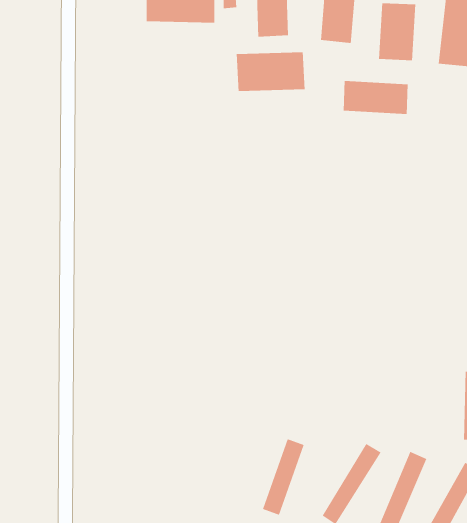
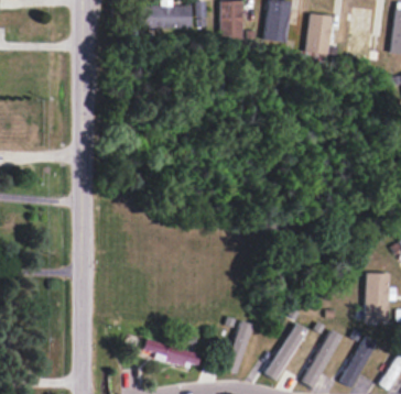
building: [236,52,305,92] -> none
building: [343,80,408,115] -> none
building: none -> [142,338,202,368]

